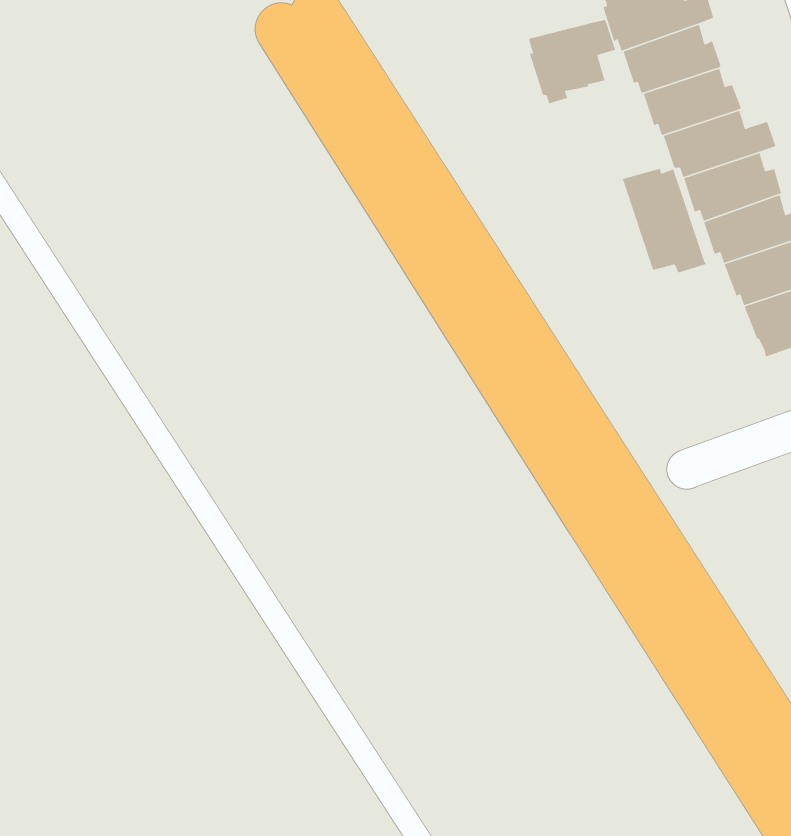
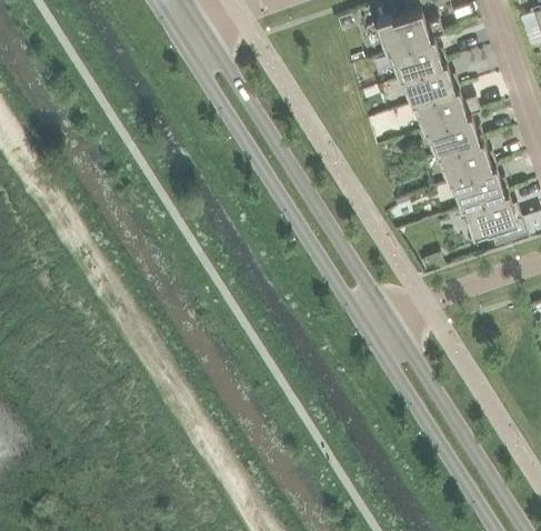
building: [528,19,616,104] -> none
building: [622,168,707,274] -> none

